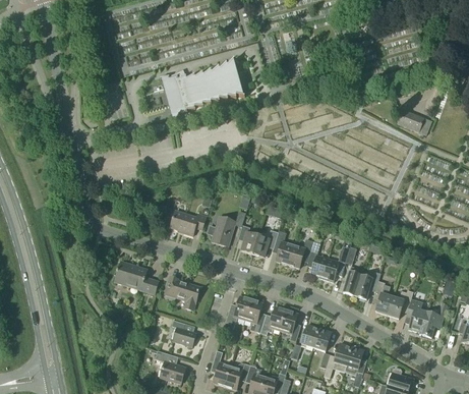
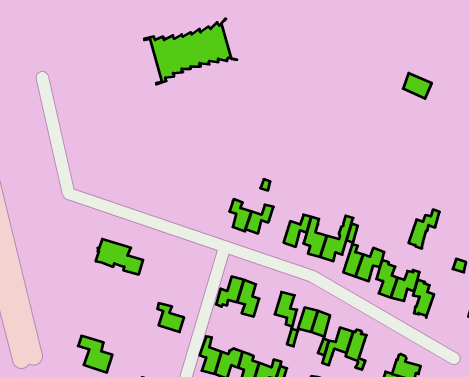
building: [170,210,207,235] -> none
building: [208,211,245,245] -> none
building: [275,230,294,264] -> none
building: [165,276,200,308] -> none
building: [419,302,448,338] -> [409,210,440,248]
building: [260,305,286,334] -> none
building: [155,349,186,383] -> [78,336,112,372]

